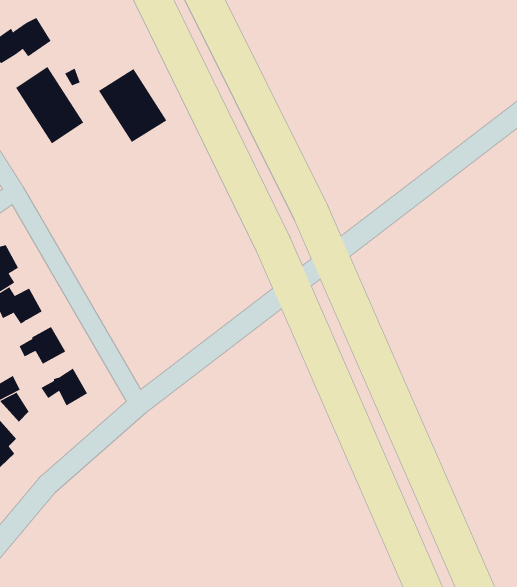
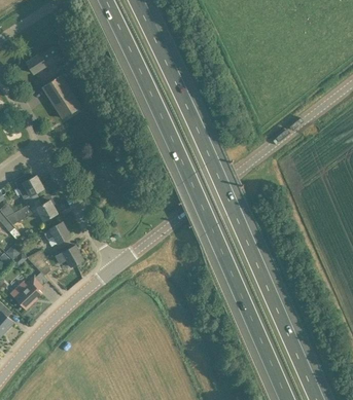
building: [98,68,167,143] -> none

